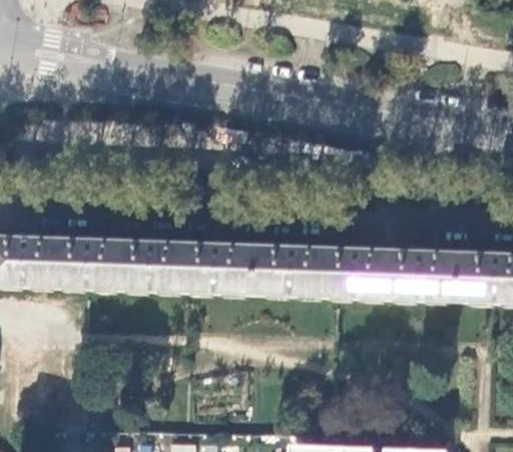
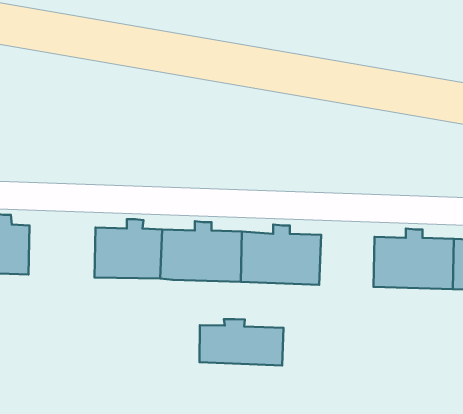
building: [56,233,120,291] -> none
building: [335,242,388,300] -> none
building: none -> [200,319,284,366]

